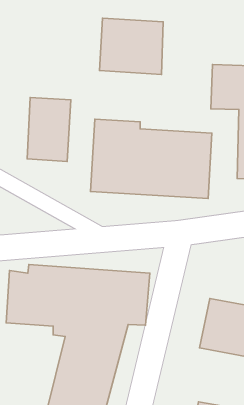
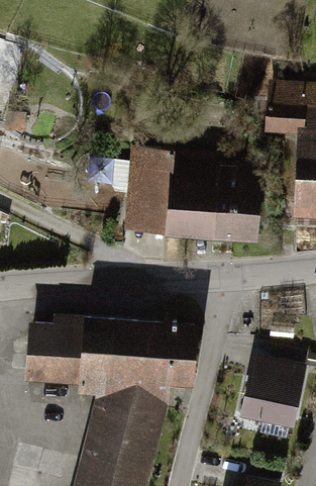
building: [99,18,163,74] -> none
building: [27,97,71,161] -> none

